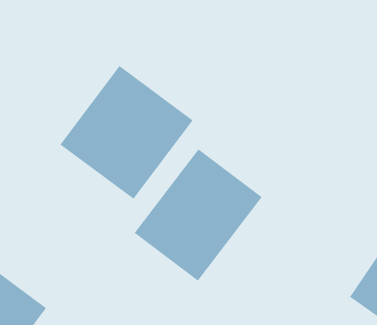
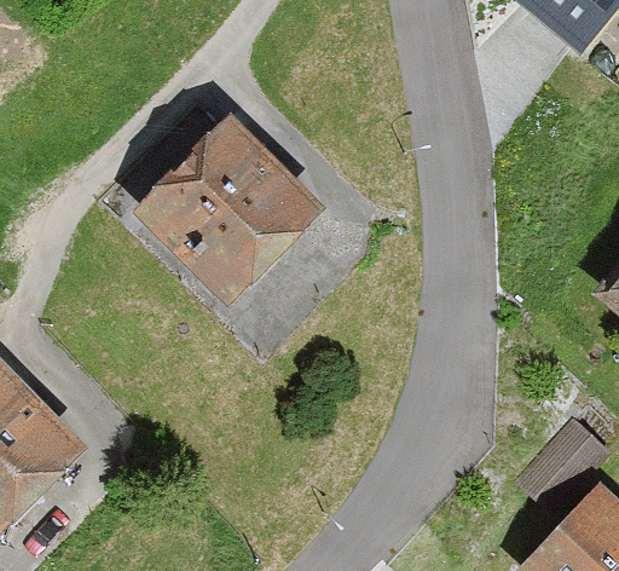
building: [134,148,263,281] -> none

